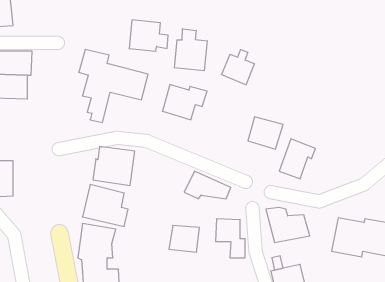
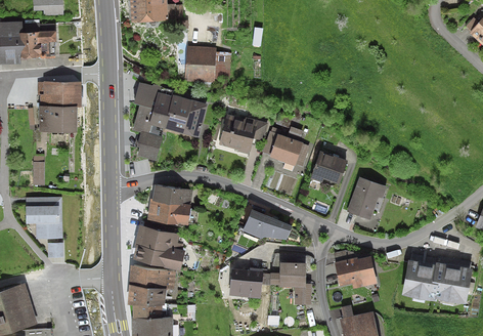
building: [175,29,207,71] -> none
building: [221,50,255,85] -> [272,129,308,167]

